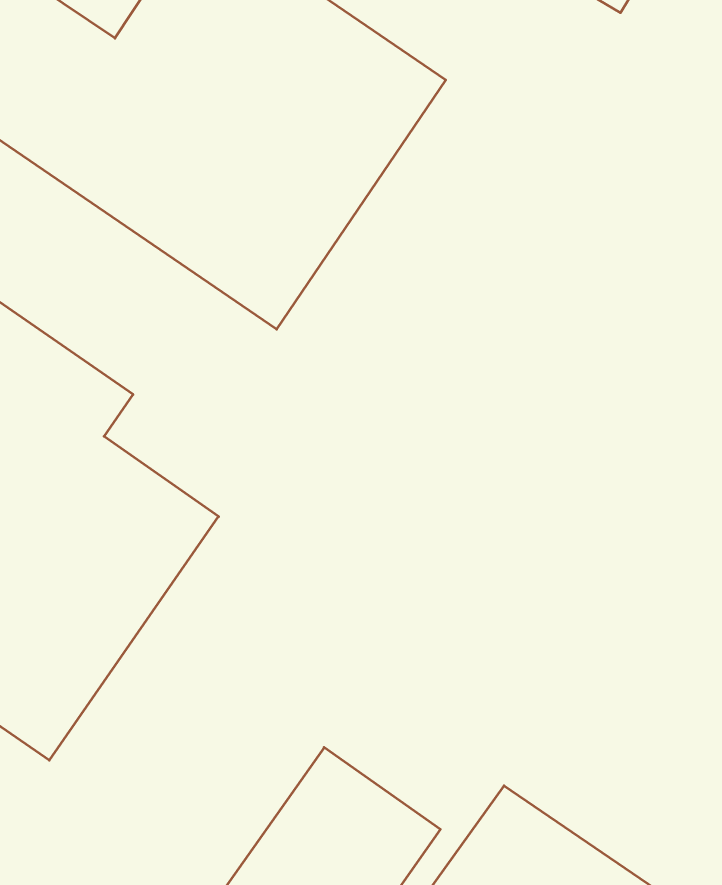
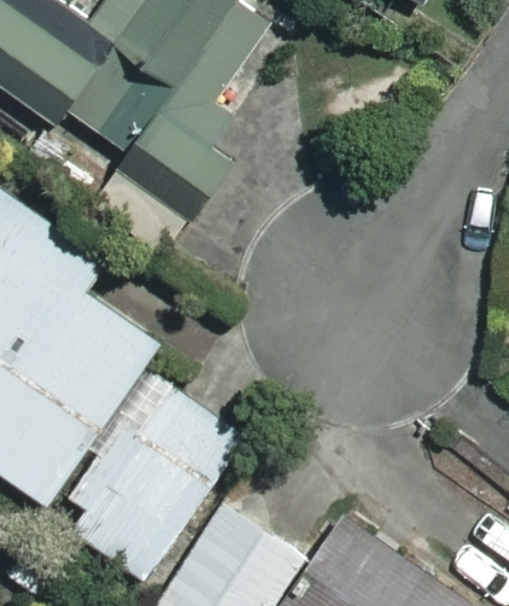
building: none -> [63,384,245,582]

